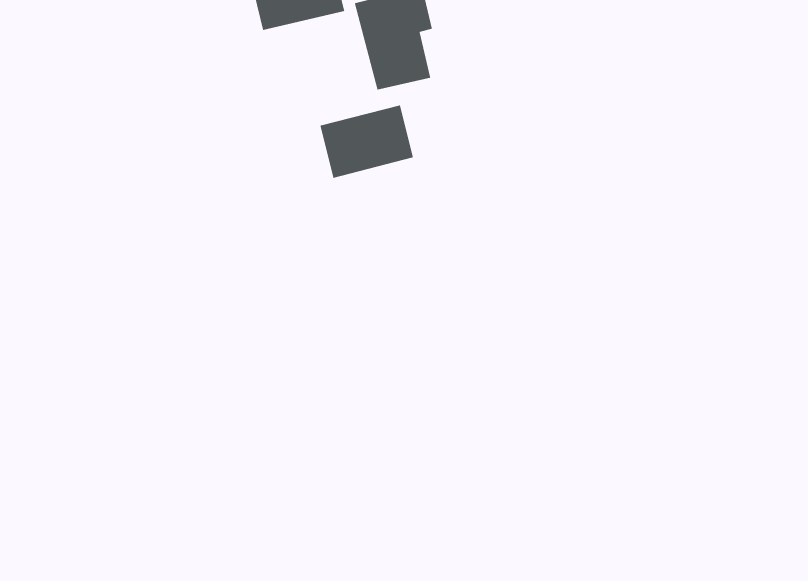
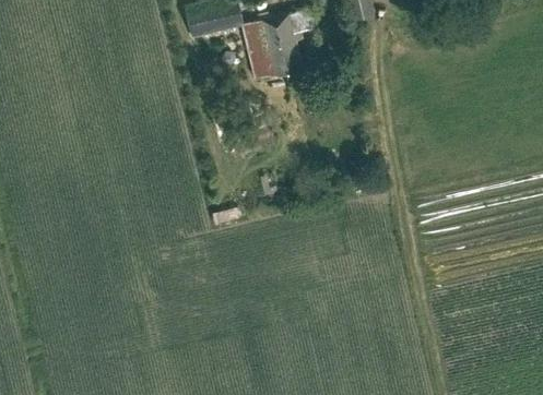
building: [319,104,414,179] -> none

